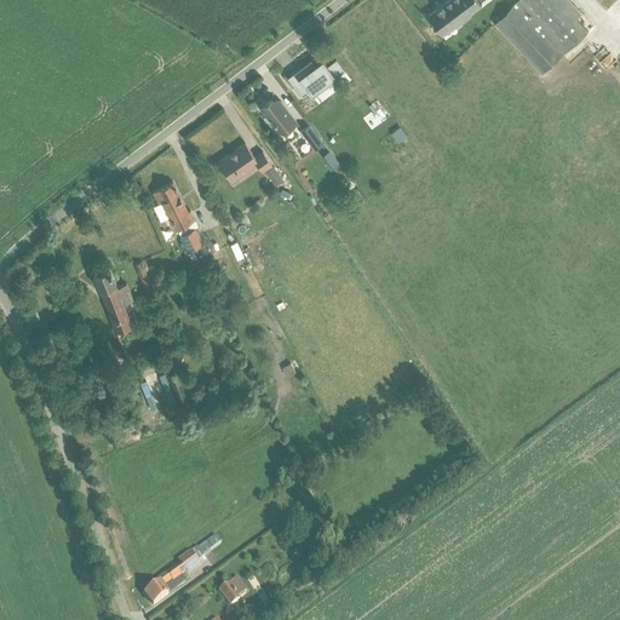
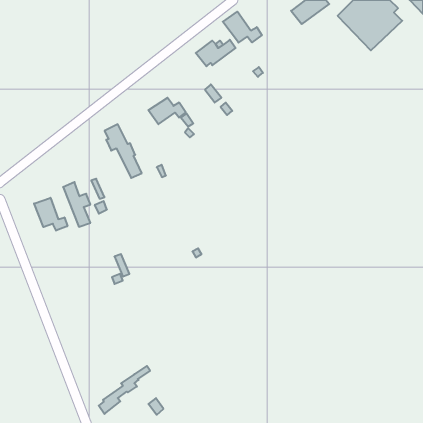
building: none -> [223,12,262,43]
building: [259,99,297,133] -> none
building: none -> [34,198,67,231]

